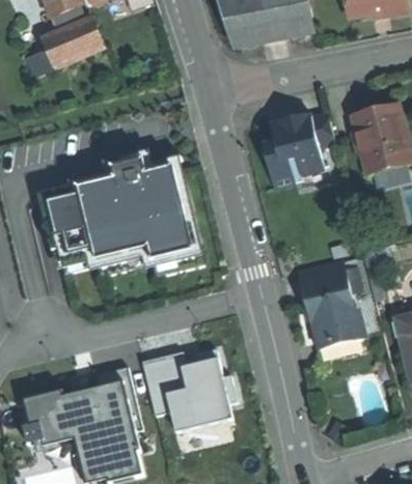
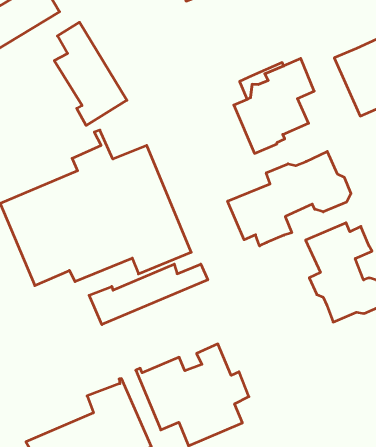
building: none -> [54,22,127,125]
building: none -> [228,151,351,246]
building: none -> [89,264,208,325]

